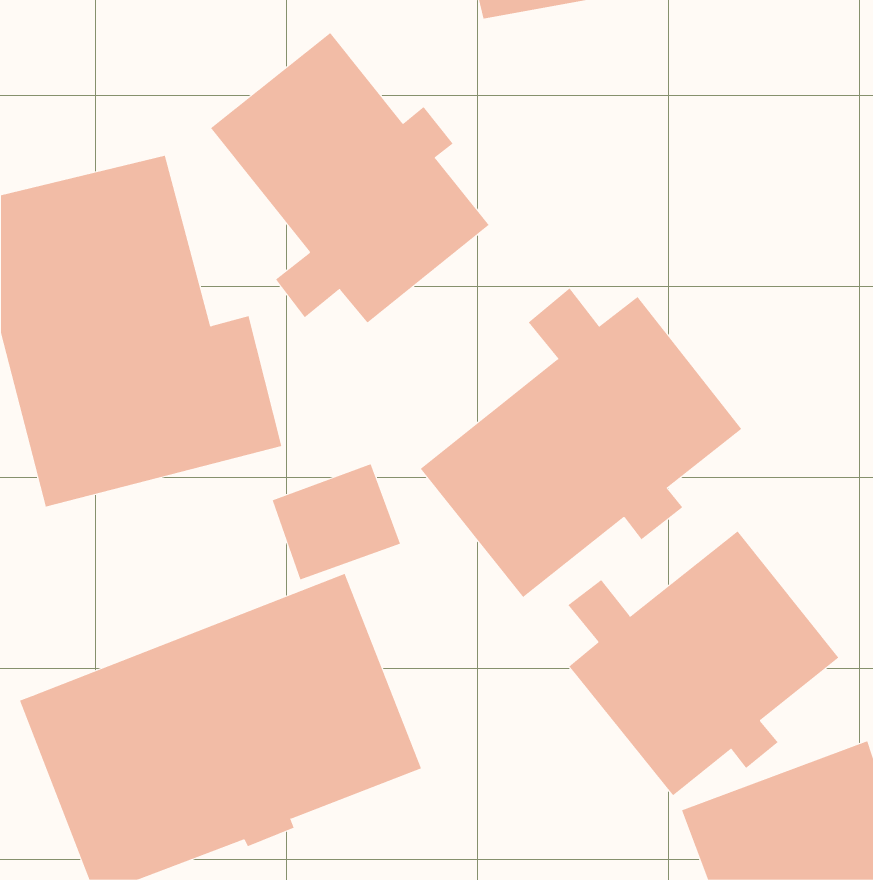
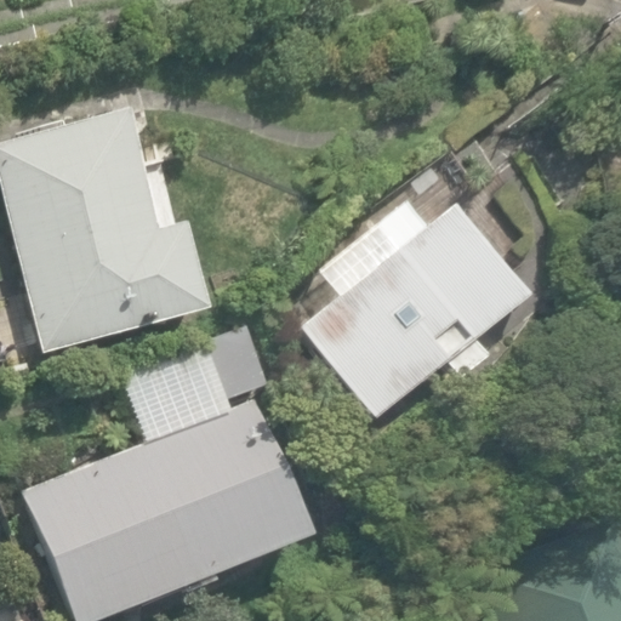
building: [210,32,490,323] -> none
building: [567,530,839,796] -> none

